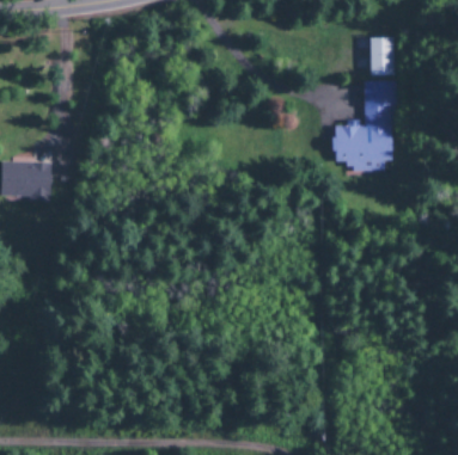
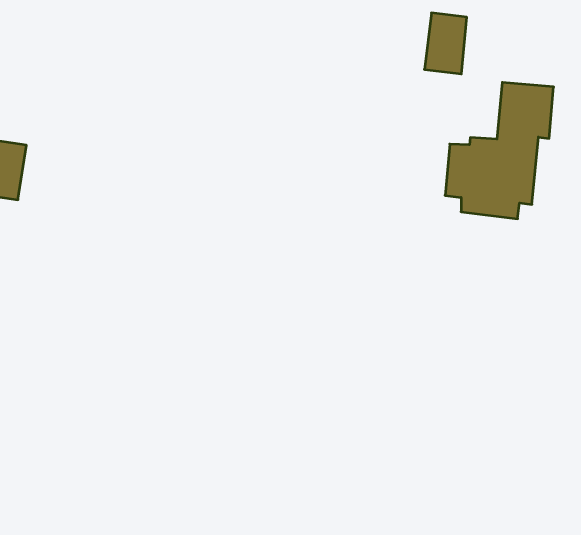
building: [371,37,396,75] -> [424,13,467,74]

